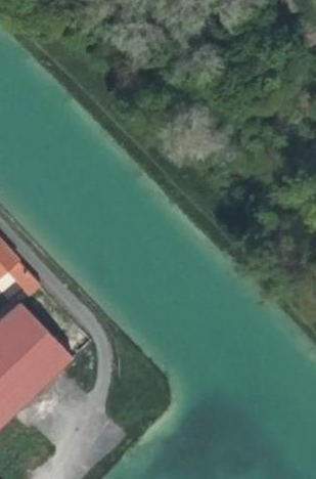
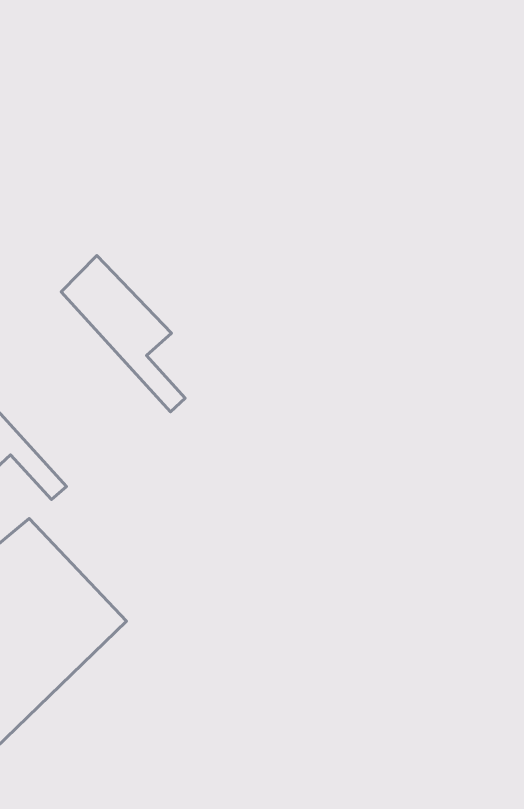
building: none -> [61,255,185,412]

